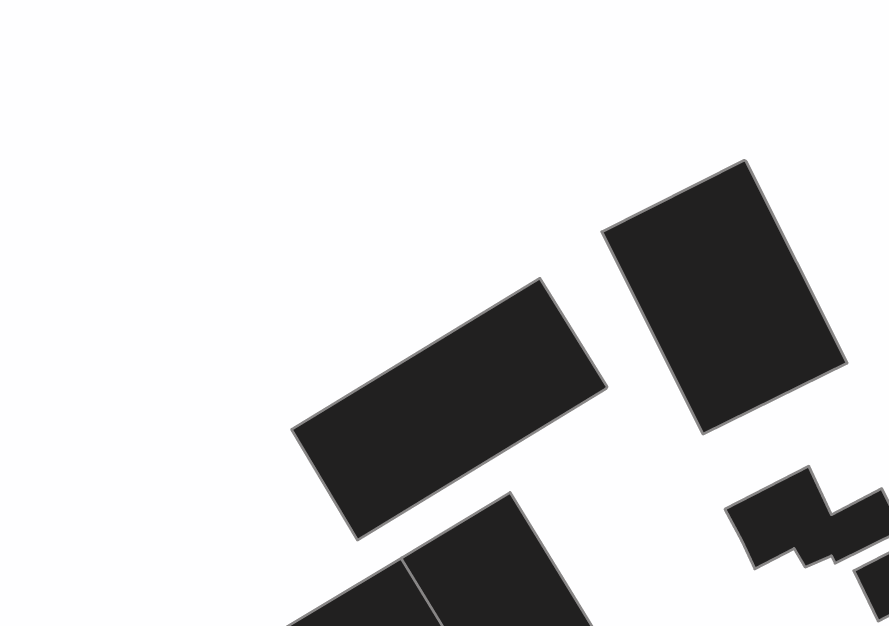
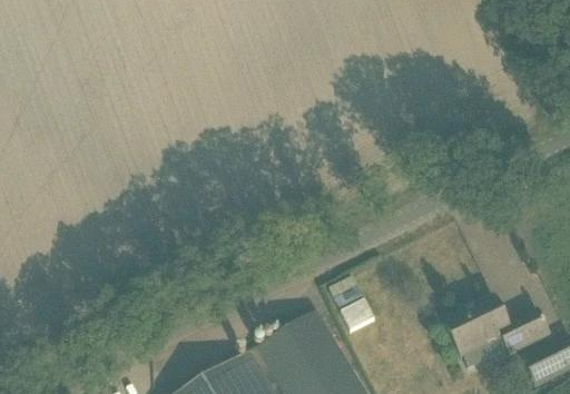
building: [602,160,847,434] -> none
building: [292,278,607,540] -> none

